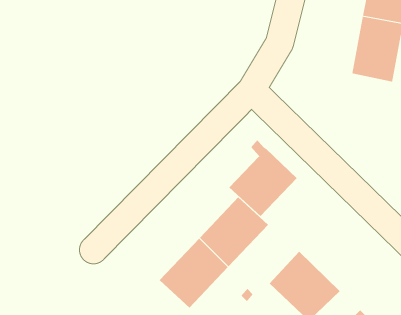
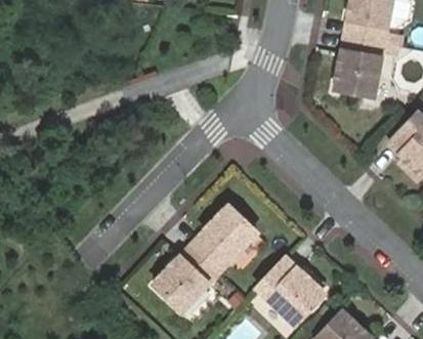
building: [229,140,297,217] -> none

